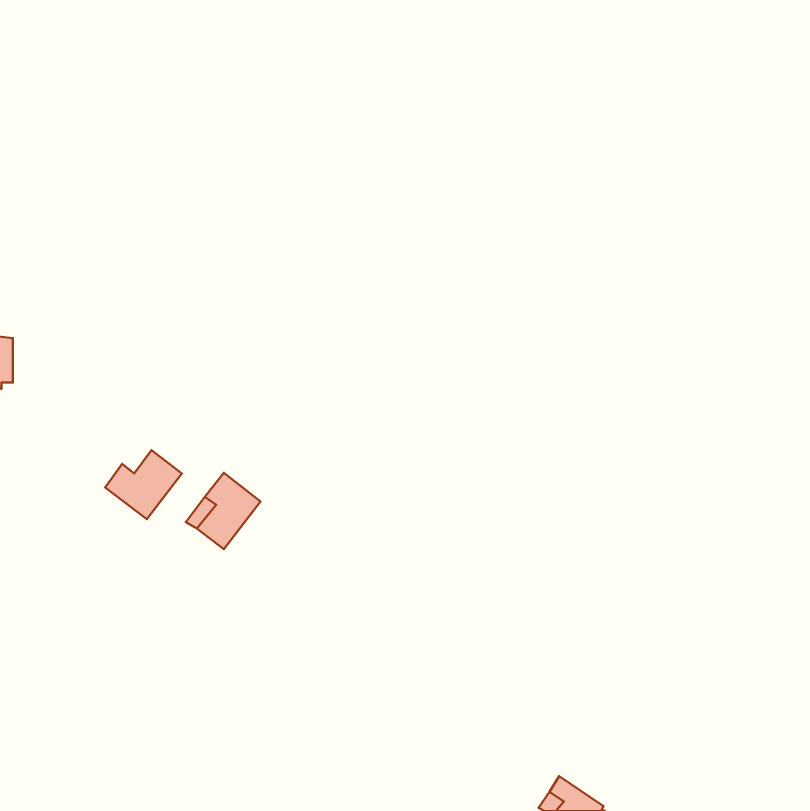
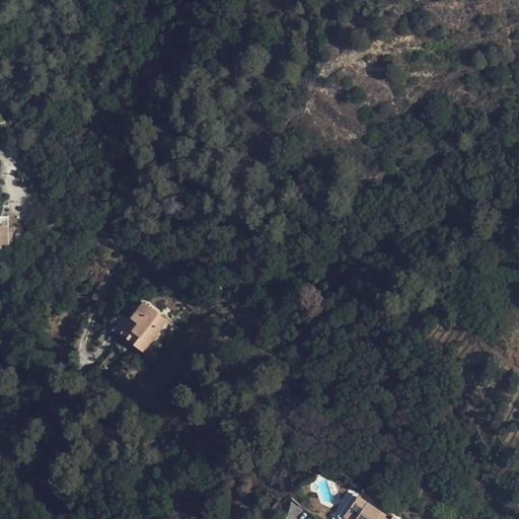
building: [105,450,182,519] -> none

